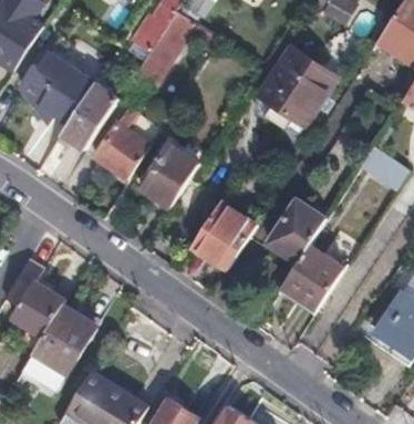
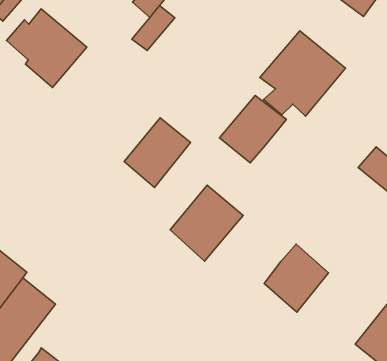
building: [62,81,121,147] -> none
building: [95,104,152,178] -> none
building: [266,199,325,262] -> [220,95,286,163]

